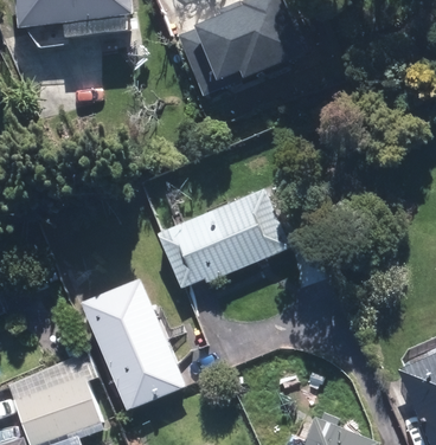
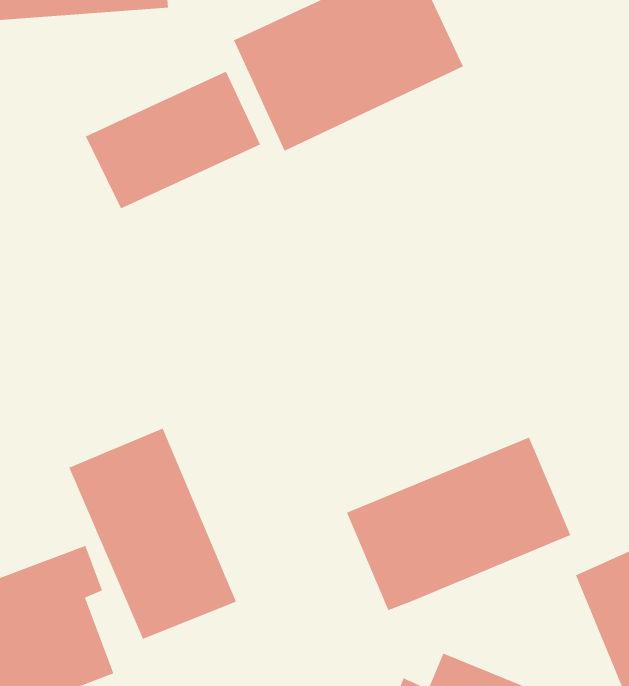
building: none -> [85,71,261,209]
building: [152,185,293,294] -> [346,437,571,611]

